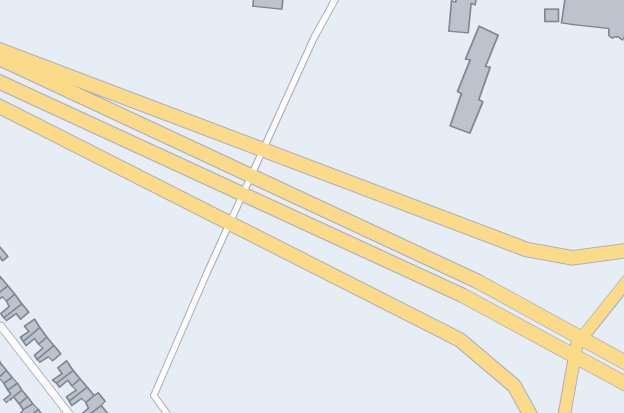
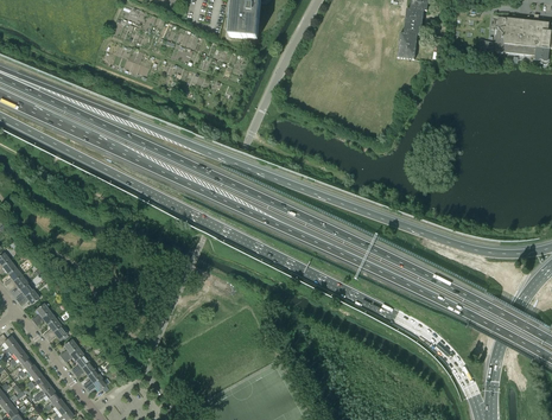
building: [450,26,498,133] -> none

